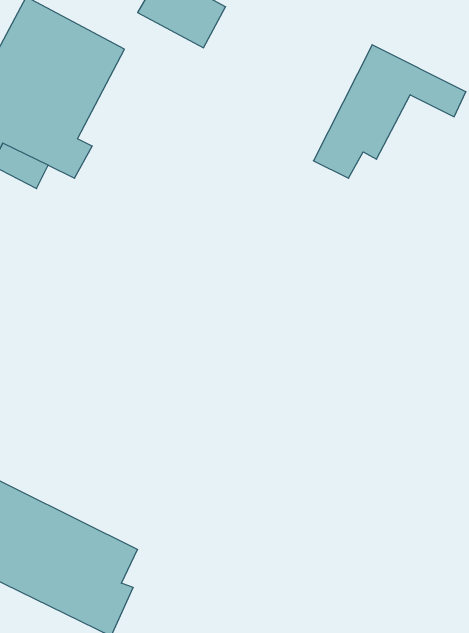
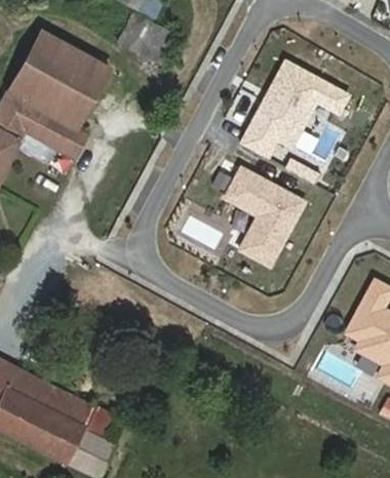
building: none -> [220,163,306,268]

